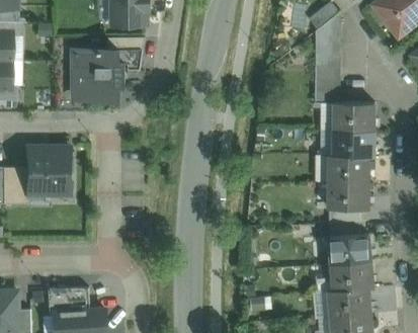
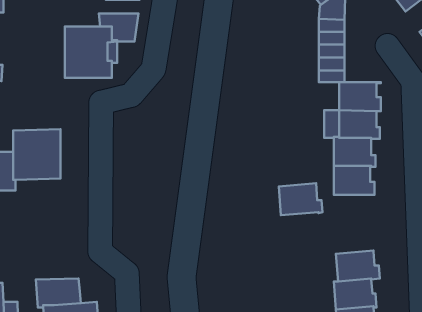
building: [329,236,370,266] -> [279,183,323,215]

